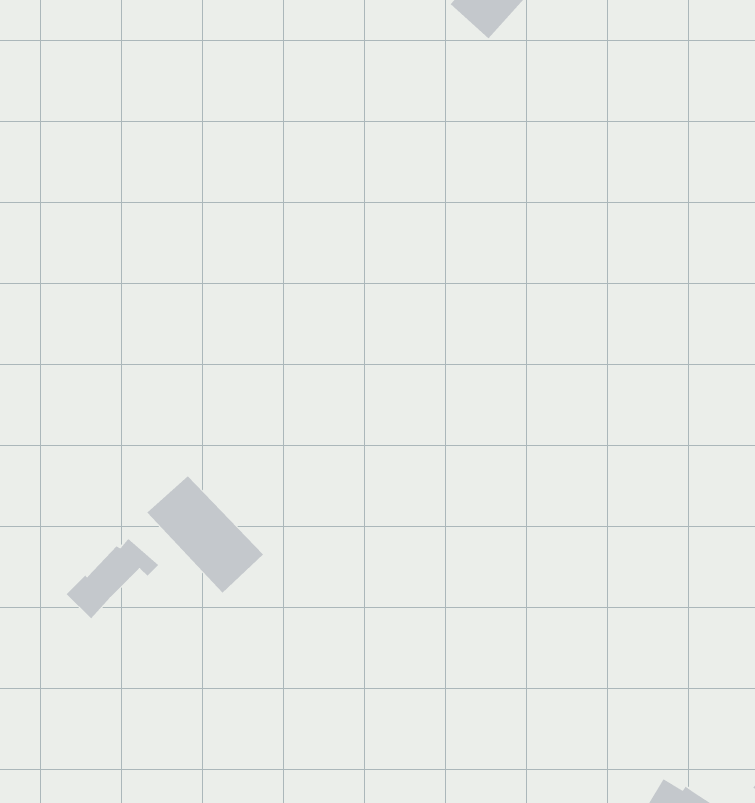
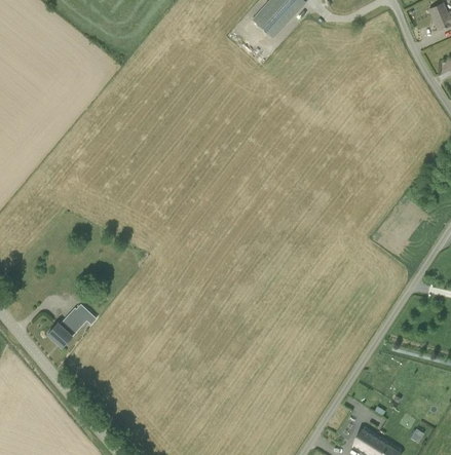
building: [146,475,264,594] -> none

